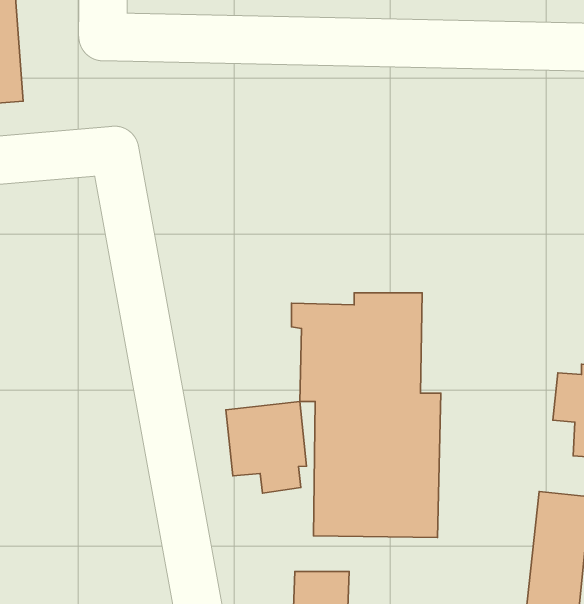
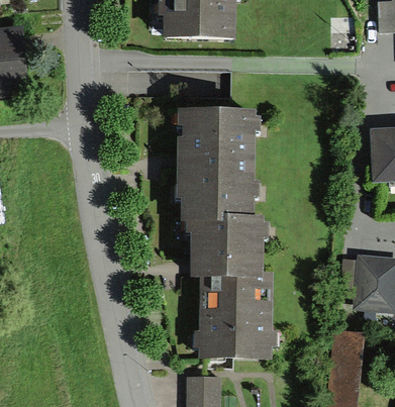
building: none -> [178,110,255,219]
building: [226,402,307,493] -> none

